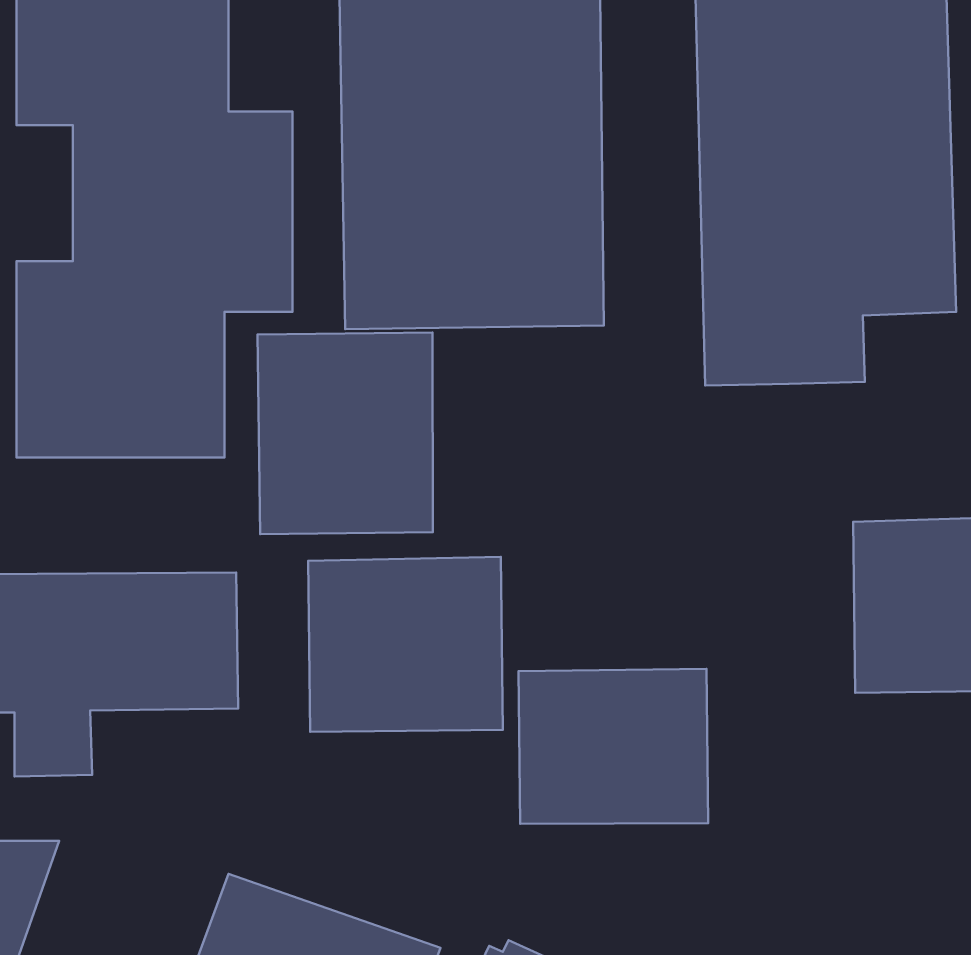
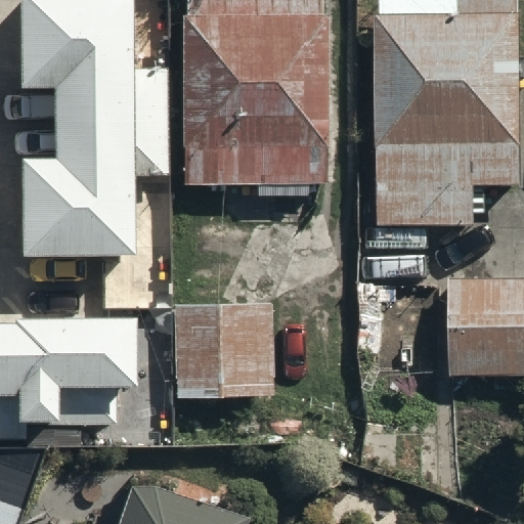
building: [258,333,433,534] -> none
building: [518,669,708,824] -> none

